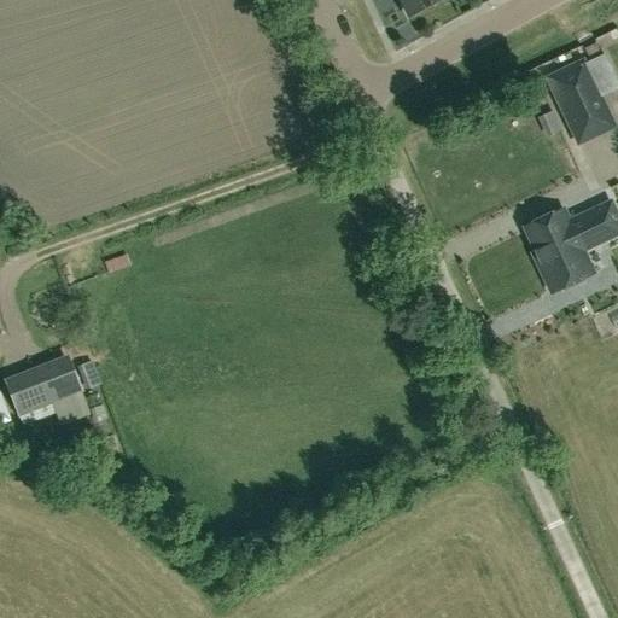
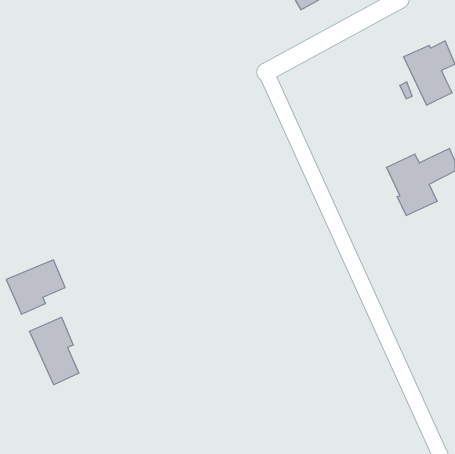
building: none -> [29,317,79,385]

